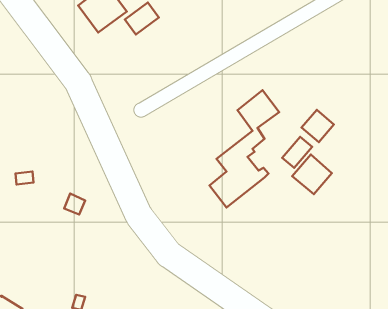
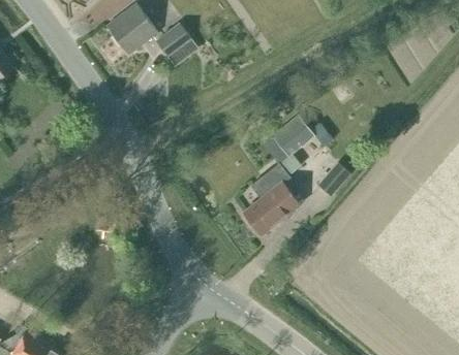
building: [302,110,334,142] -> none
building: [292,154,332,194] -> none

